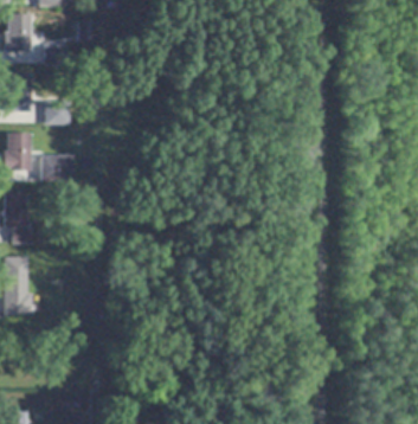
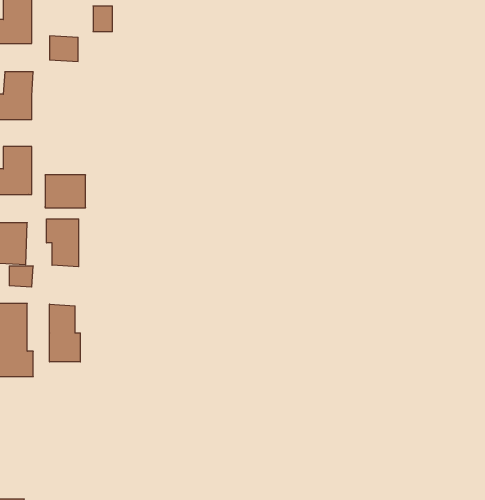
building: [47,102,71,124] -> none
building: none -> [47,219,79,267]
building: none -> [50,304,80,362]

